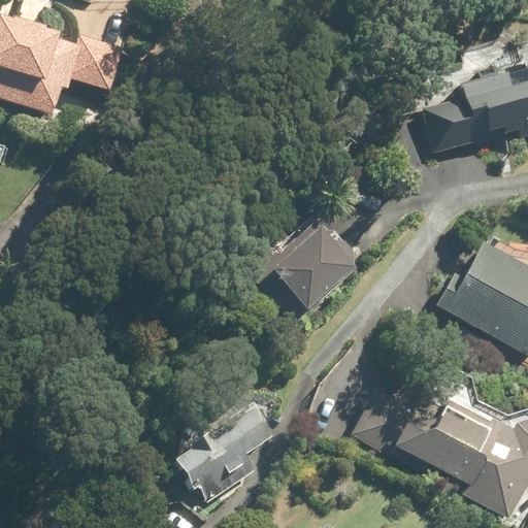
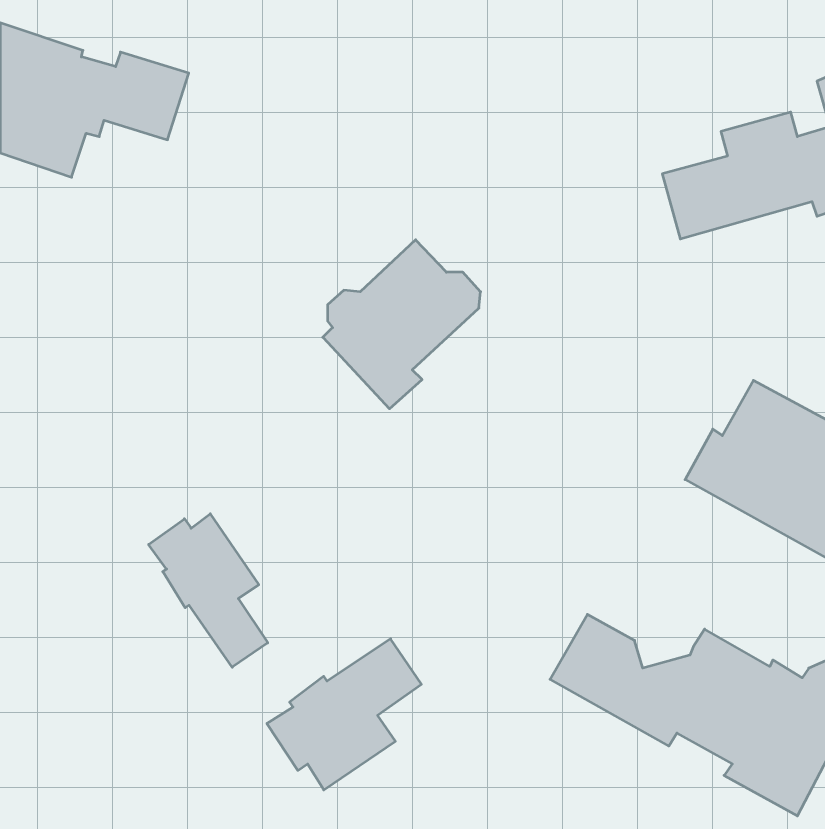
building: [256,220,356,327] -> [323,240,481,409]
building: none -> [149,514,268,667]

